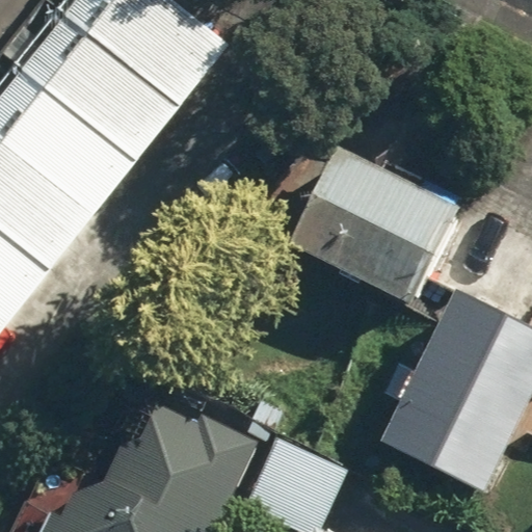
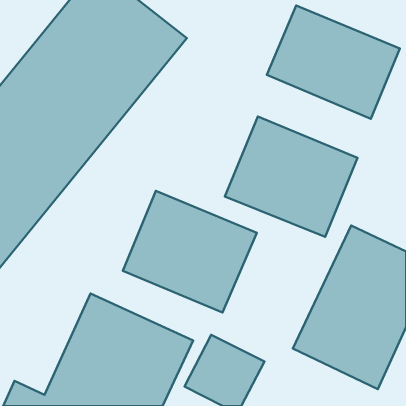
building: none -> [267,6,400,119]
building: none -> [123,191,257,312]

